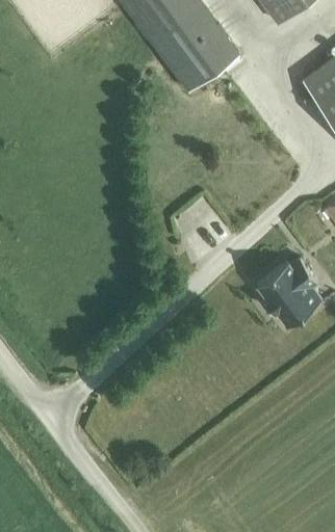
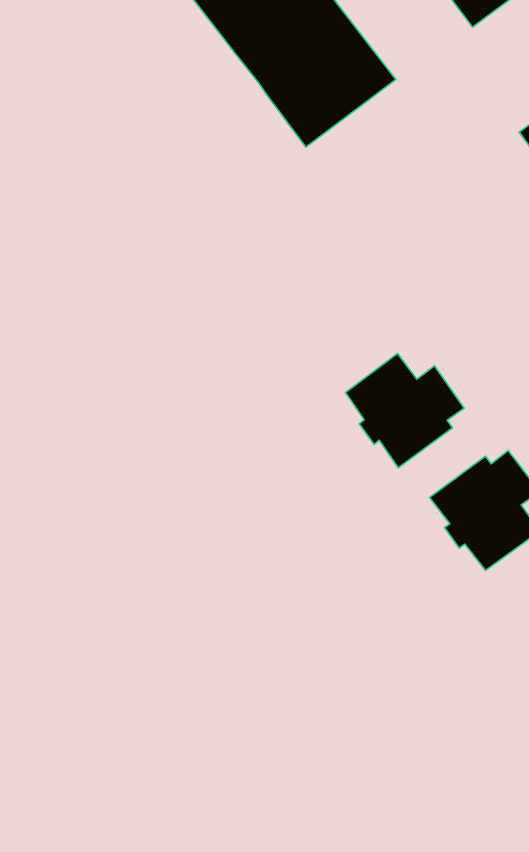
building: none -> [345,354,464,468]

